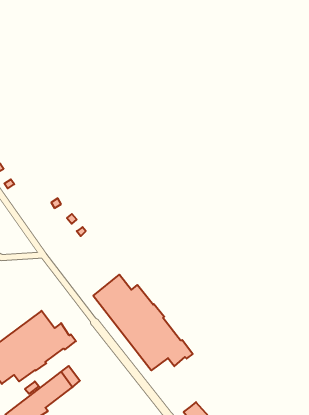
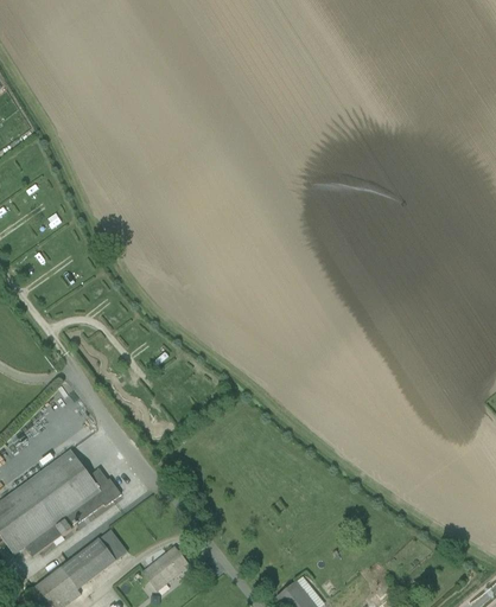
building: [93,275,193,370] -> none
building: none -> [141,547,187,589]

